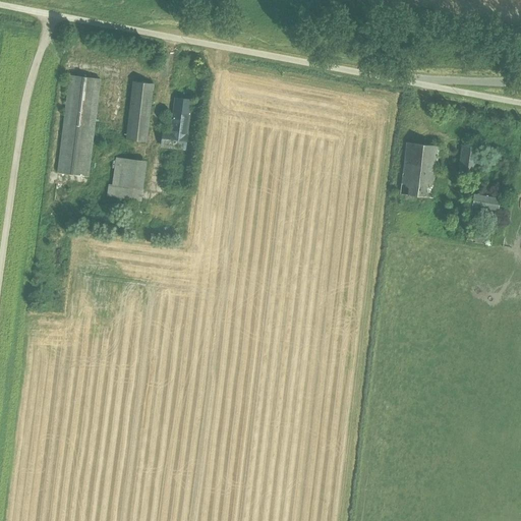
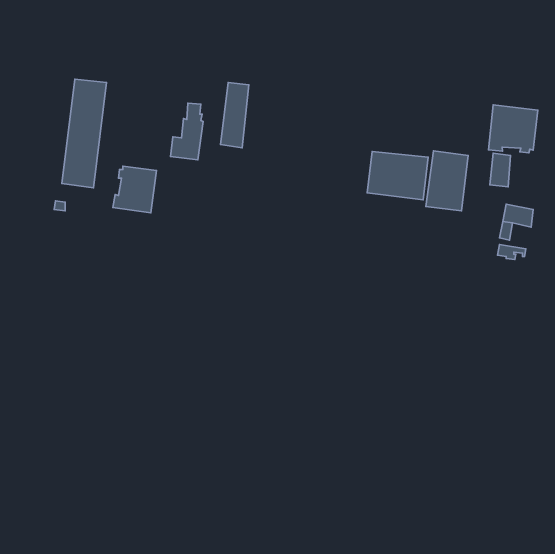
building: [126,80,153,141] -> [221,83,249,148]
building: none -> [489,105,538,153]
building: none -> [367,151,428,200]

